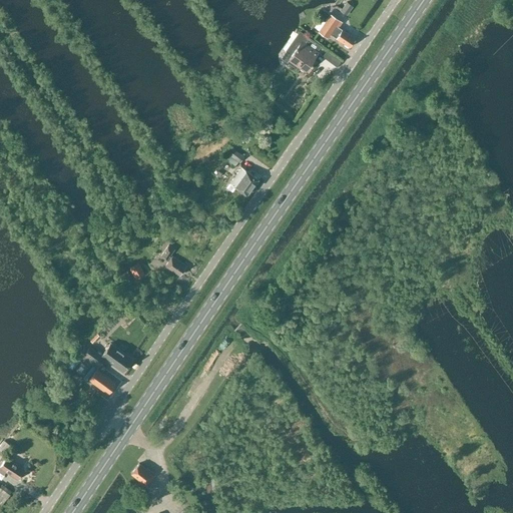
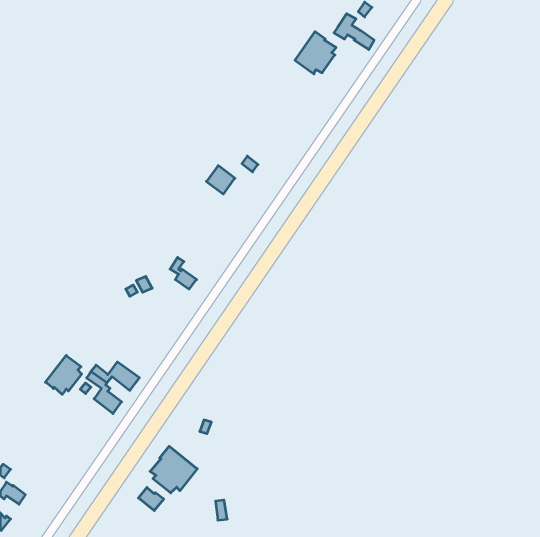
building: [230,169,258,196] -> [206,166,235,194]
building: none -> [45,355,82,394]
building: none -> [150,446,197,493]

